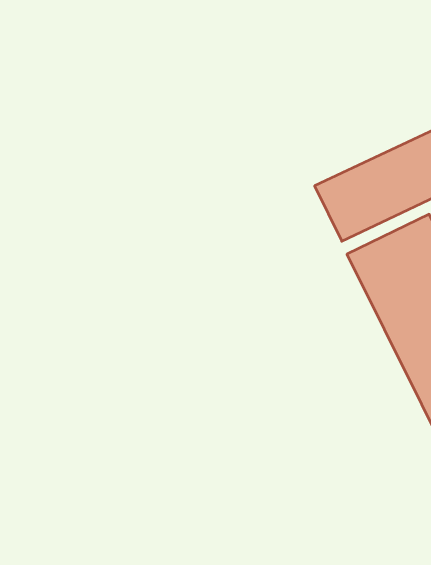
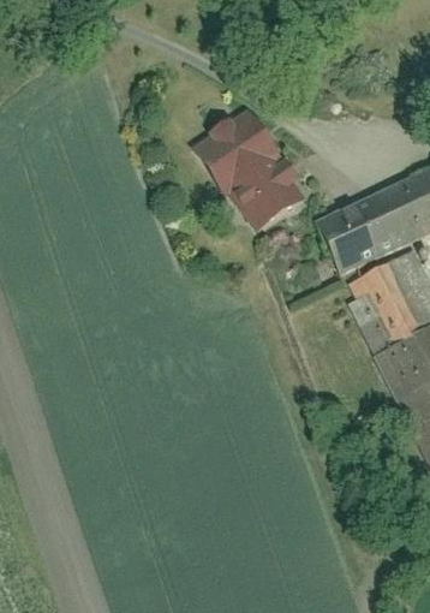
building: none -> [201,109,303,227]

